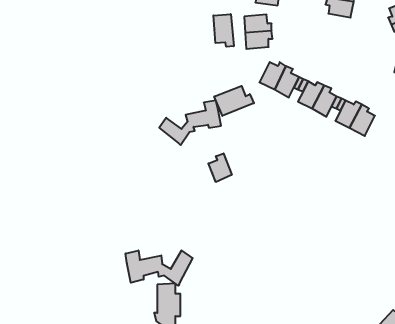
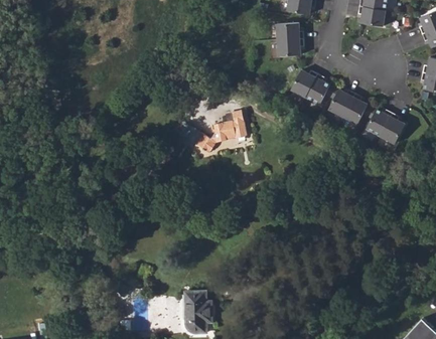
building: [213,14,234,47] -> none
building: [214,86,254,116] -> none
building: [208,153,232,182] -> none
building: [126,250,193,286] -> none

